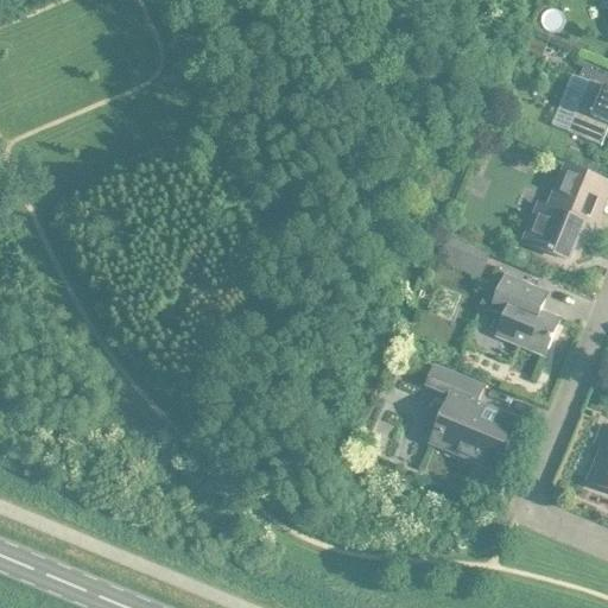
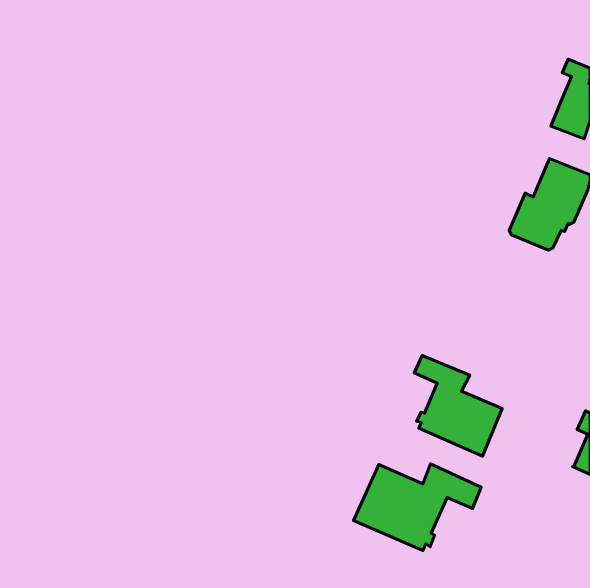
building: [489,272,558,354] -> none
building: none -> [353,464,481,551]

